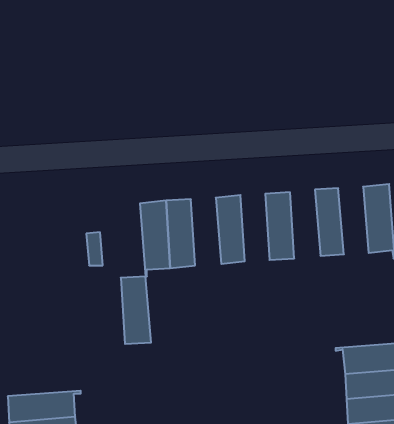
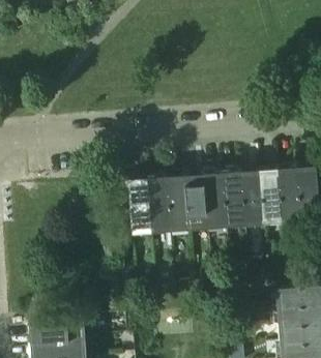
building: none -> [278,169,300,219]
building: none -> [241,171,264,222]
building: none -> [204,174,226,225]
building: [121,276,151,344] -> [167,177,189,228]

